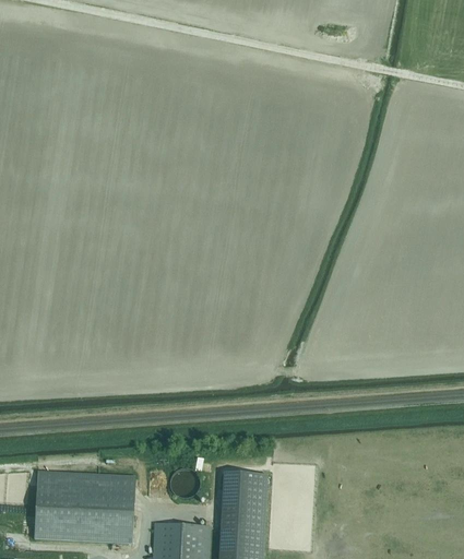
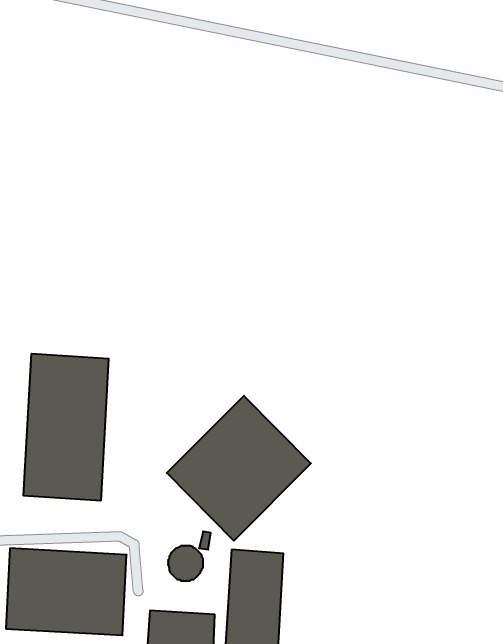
building: none -> [24,354,109,501]
building: none -> [167,396,311,541]

